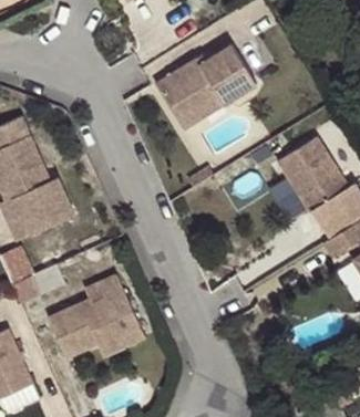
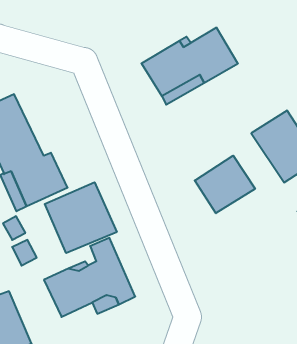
building: none -> [195,156,255,213]
building: none -> [45,182,117,253]

